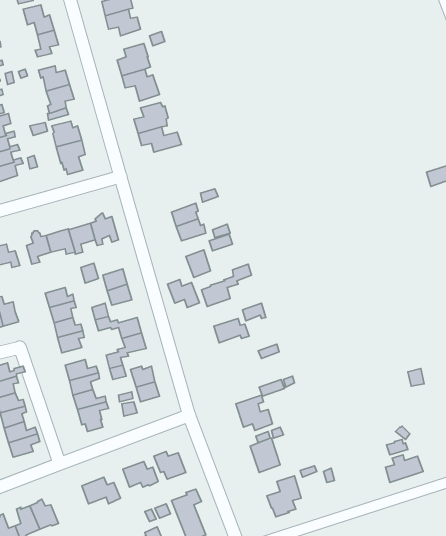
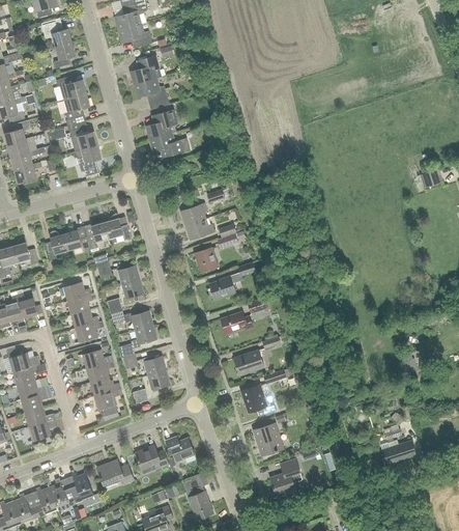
building: [167,279,200,308] -> none
building: none -> [233,348,264,375]
building: none -> [68,472,93,503]

